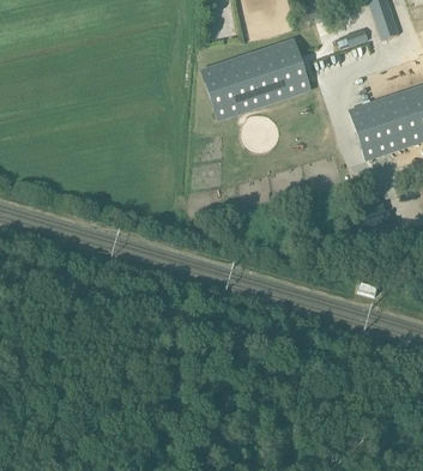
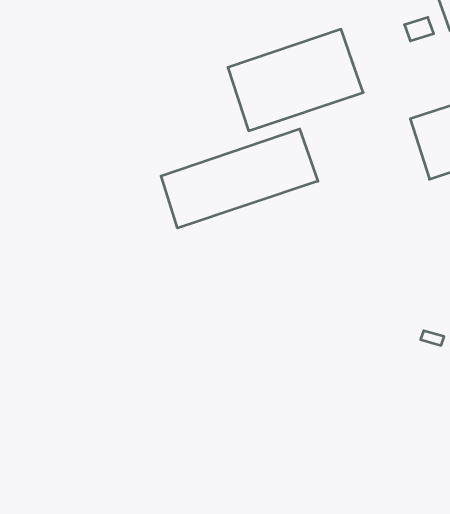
building: none -> [161,129,318,228]

